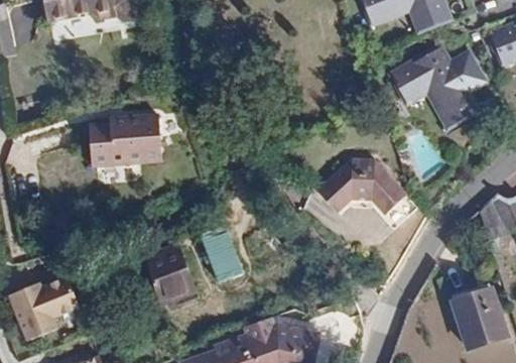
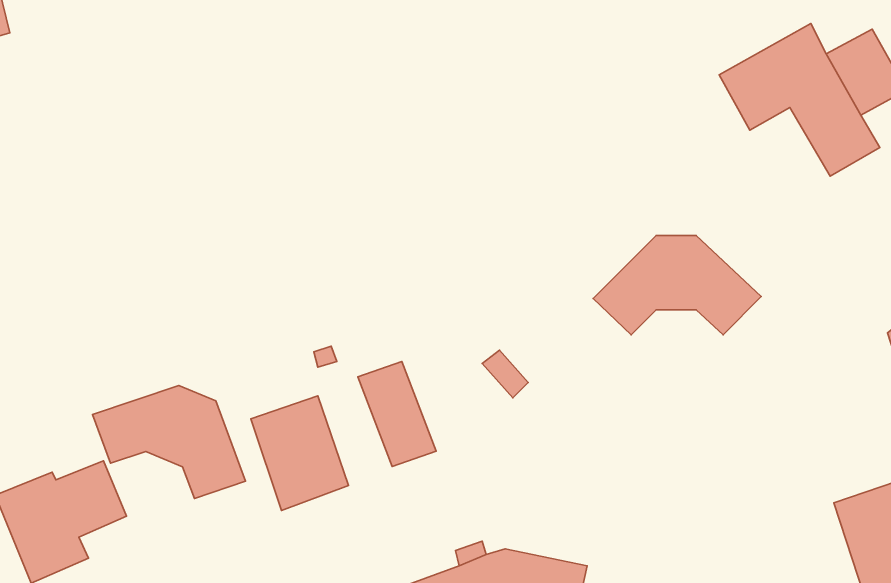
building: [87,115,160,165] -> none
building: none -> [92,385,245,499]

